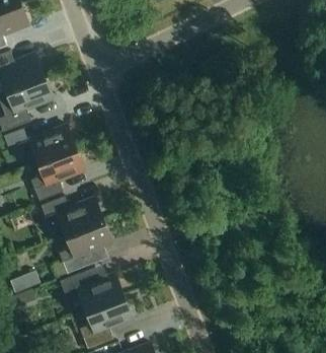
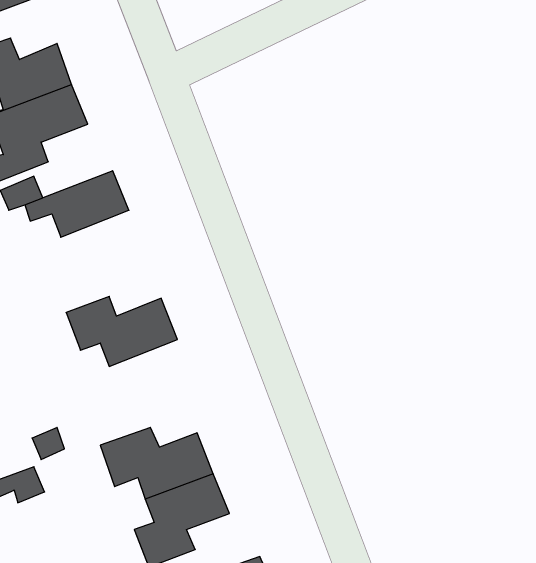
building: [30,147,84,201] -> none
building: [59,220,112,273] -> none

